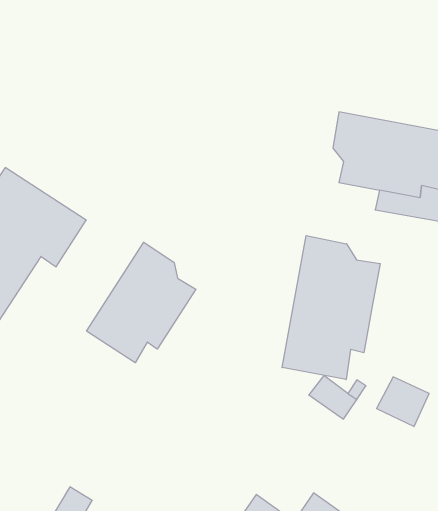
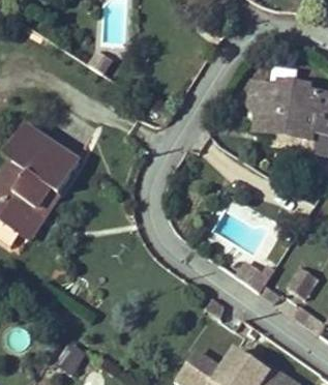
building: [282,236,380,380] -> none
building: [87,242,196,363] -> none

